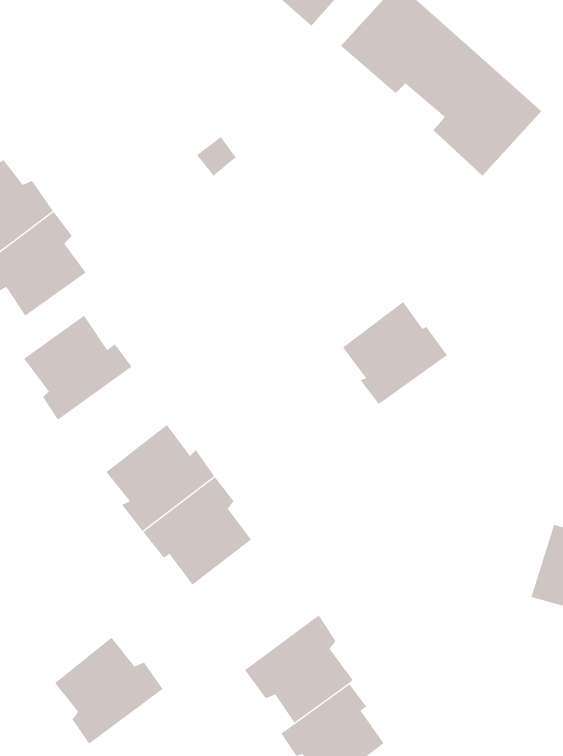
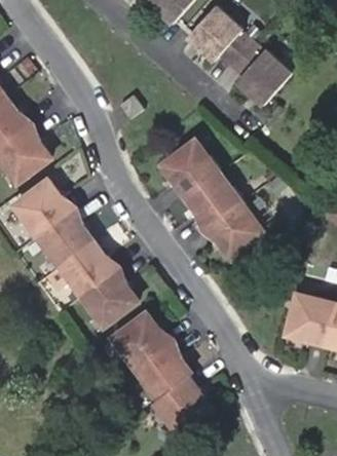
building: none -> [159,140,219,198]
building: none -> [203,201,263,260]
building: none -> [32,207,90,264]
building: [54,637,164,745] -> [113,312,172,370]

